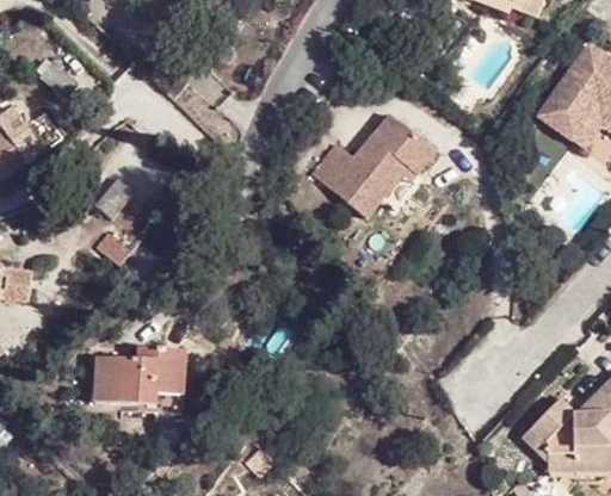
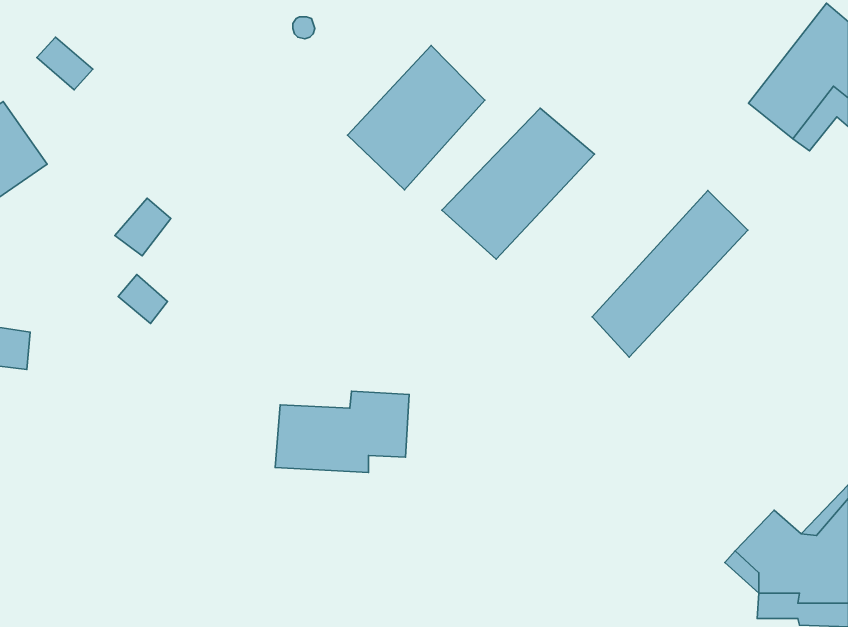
building: none -> [347,46,485,190]
building: none -> [592,191,748,357]
building: [92,348,186,405] -> [275,391,409,472]

